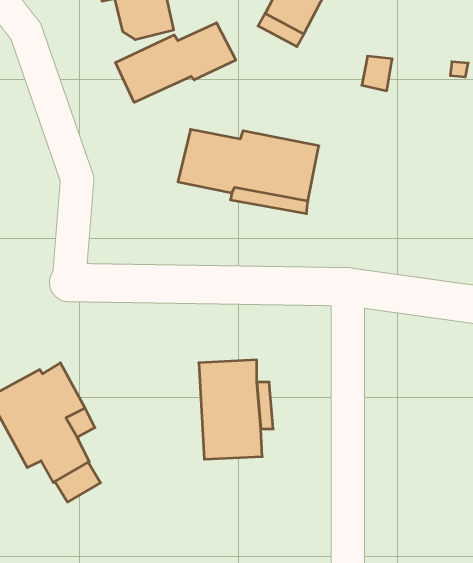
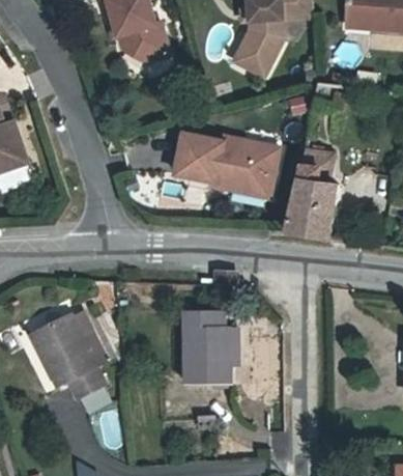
building: [115,23,236,102] -> none
building: none -> [287,159,333,237]

